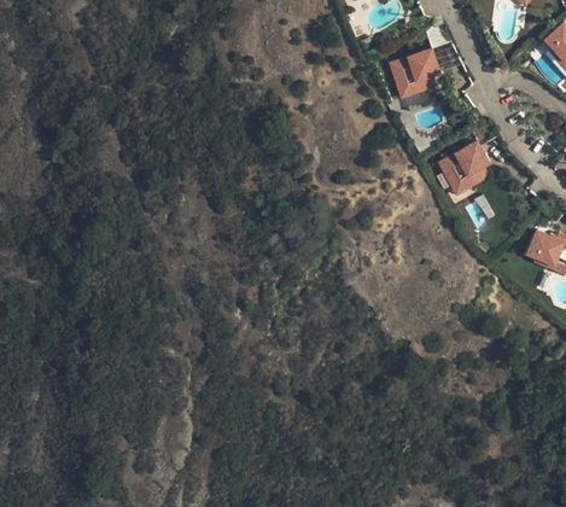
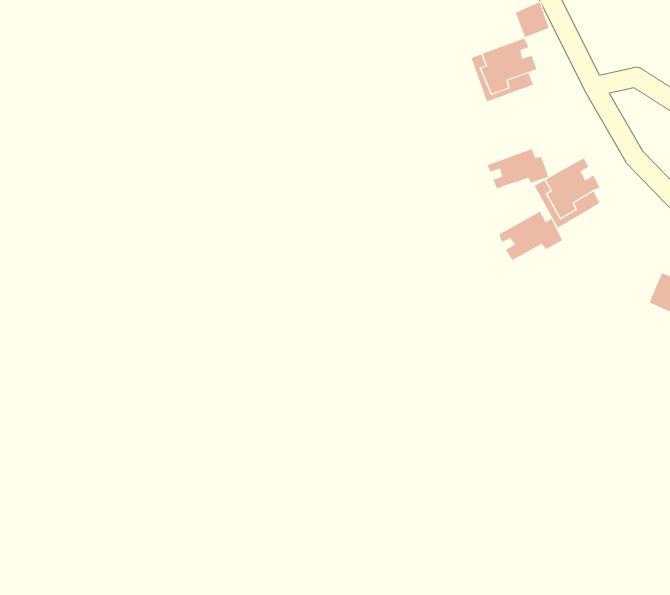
building: none -> [487,148,549,189]
building: none -> [498,211,563,261]

